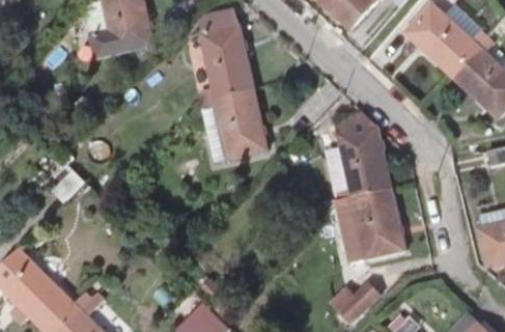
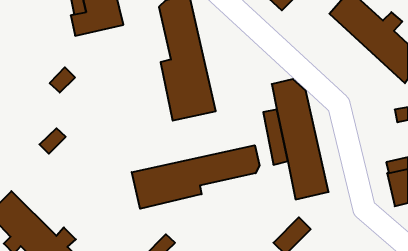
building: none -> [132,145,259,209]

